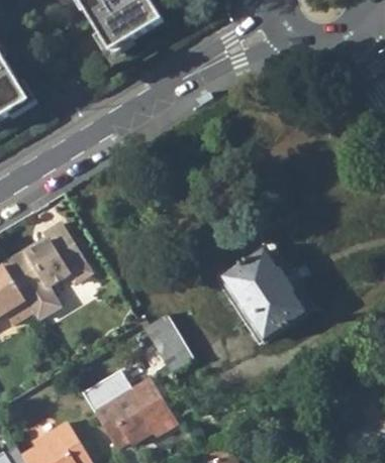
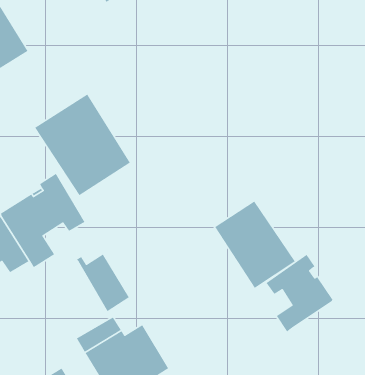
building: none -> [34,93,131,196]
building: none -> [265,254,334,332]
building: [137,314,193,374] -> [76,253,130,312]

